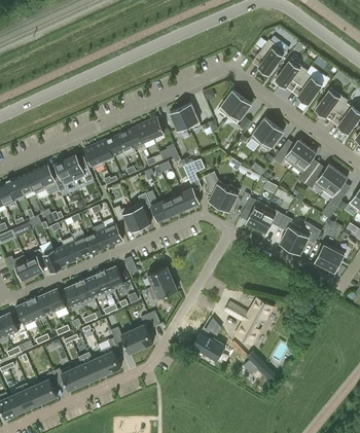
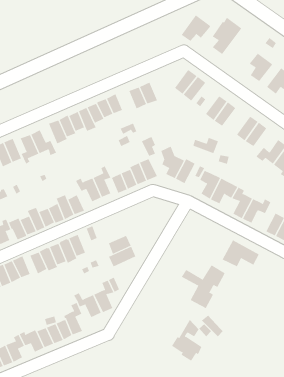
building: [275,59,307,87] -> [181,14,211,42]
building: none -> [222,240,260,267]
building: [191,318,224,363] -> [171,319,202,361]

